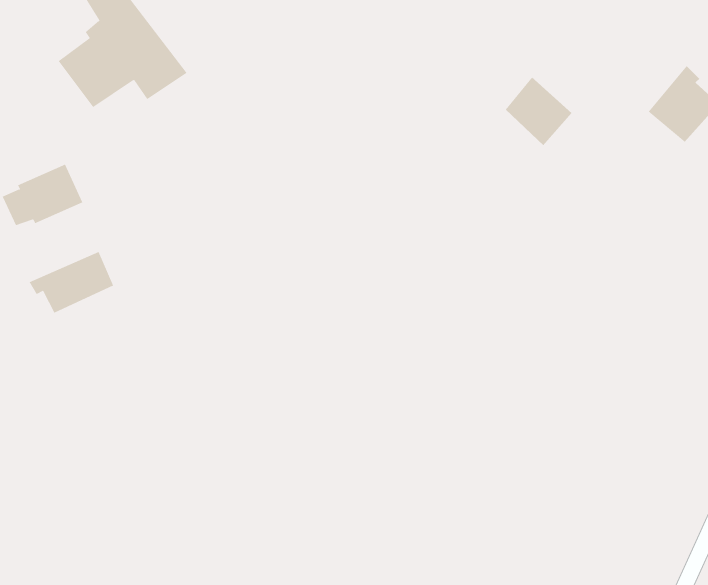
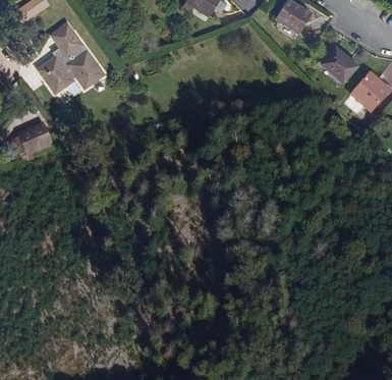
building: [505,76,572,146] -> [321,45,356,82]
building: [29,251,114,313] -> none

